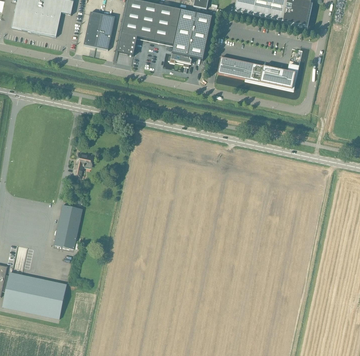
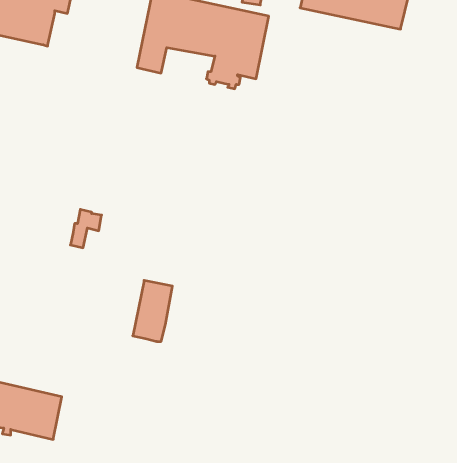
building: [83,11,115,50] -> none
building: [217,56,298,88] -> none
building: [54,205,82,248] -> [133,280,172,341]

